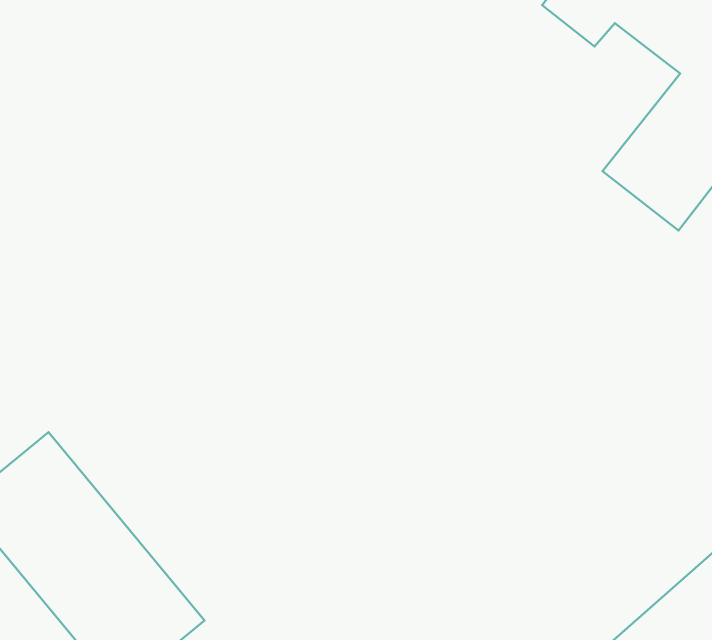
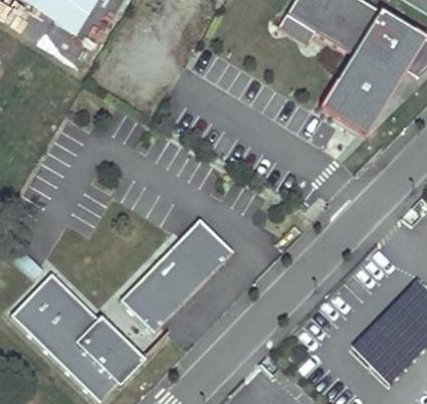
building: none -> [122,219,234,333]

